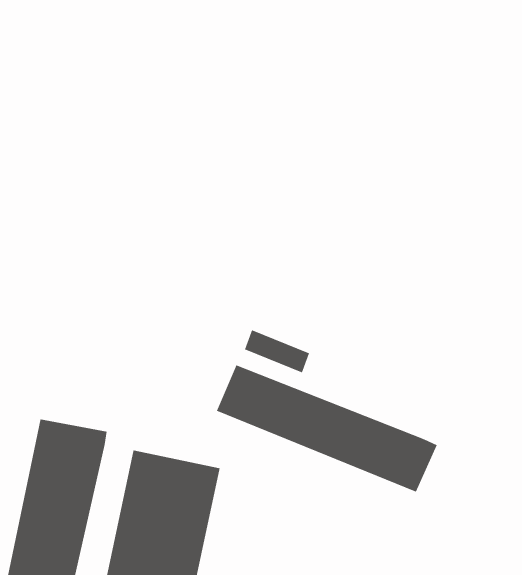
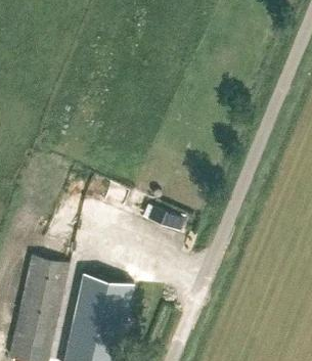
building: [216,364,437,492] -> none

